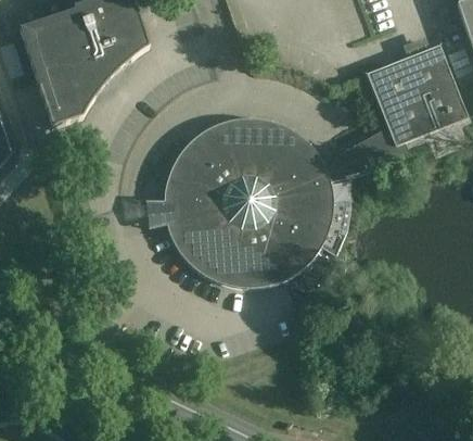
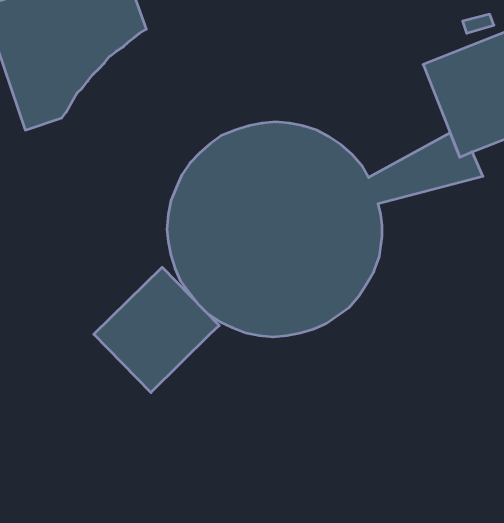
building: none -> [94,267,219,393]

